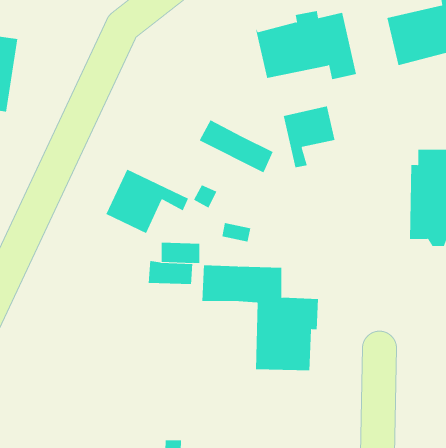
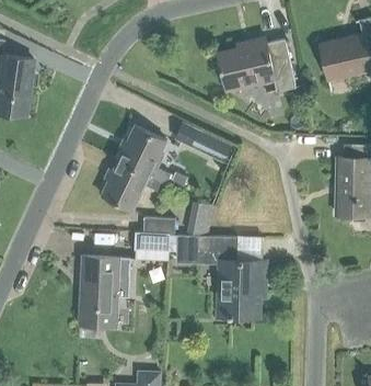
building: [283,106,335,168] -> none
building: none -> [118,125,171,183]
building: none -> [77,256,131,327]

